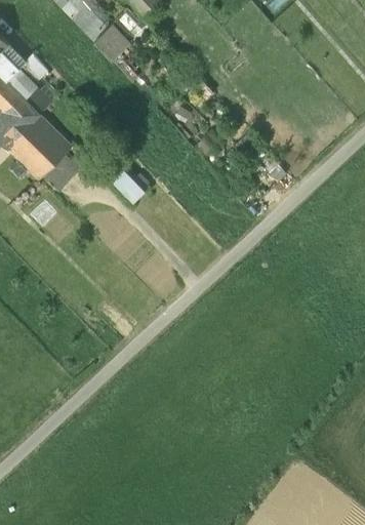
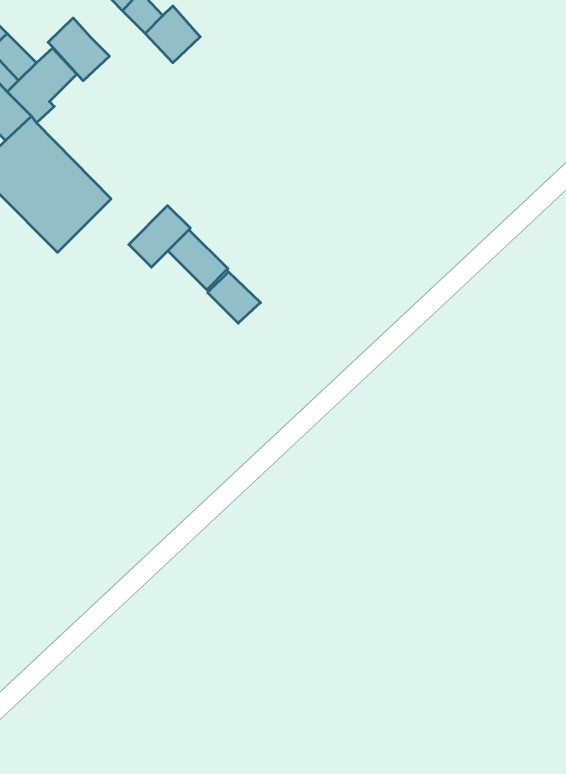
building: none -> [48,18,109,81]
building: [43,152,82,191] -> [129,206,190,267]
building: none -> [208,272,261,323]

